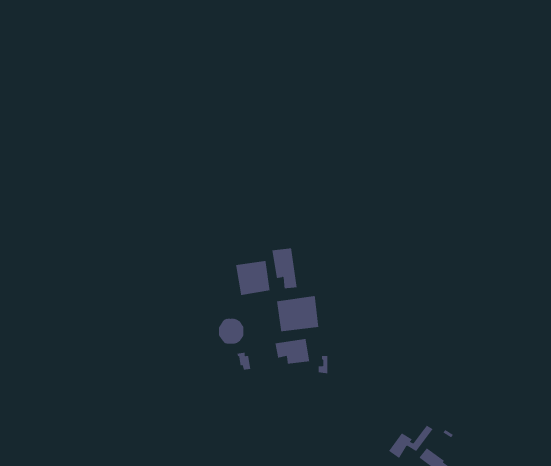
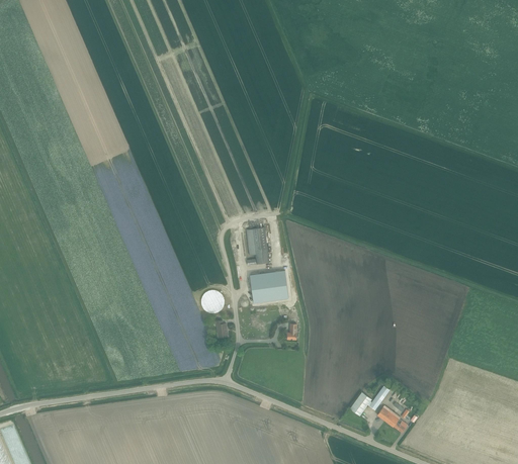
building: [236,260,270,296] -> none
building: [275,338,310,365] -> none

